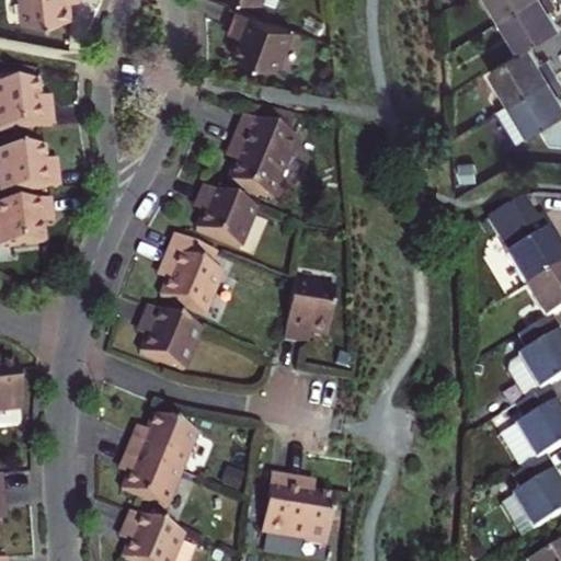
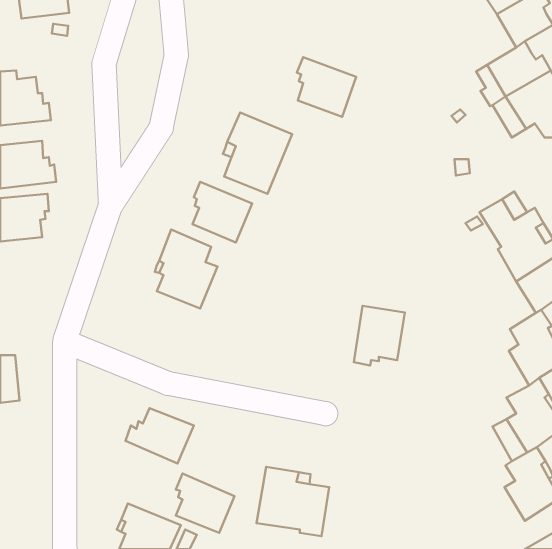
building: [232,5,293,66] -> [297,57,356,117]
building: [284,278,335,339] -> [354,306,405,365]
building: [139,304,202,368] -> none
building: [122,446,181,506] -> [176,473,234,533]

